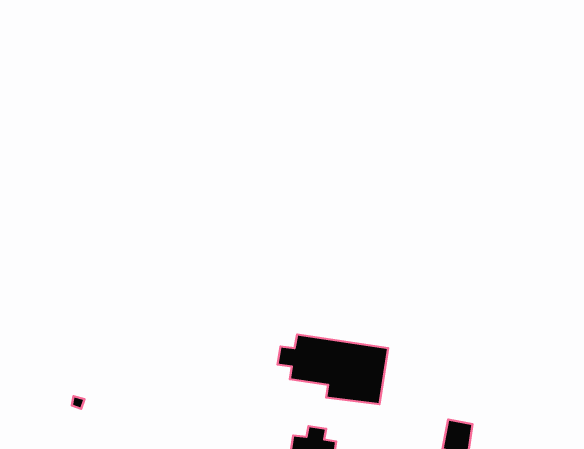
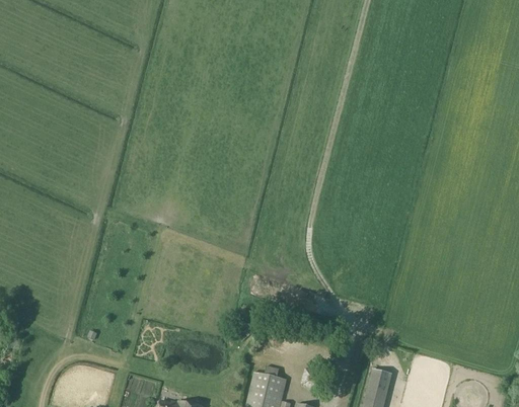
building: [278,334,388,404] -> none

